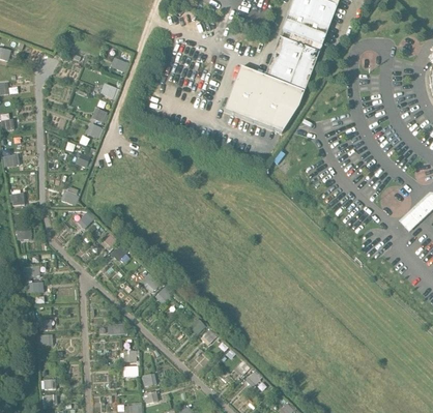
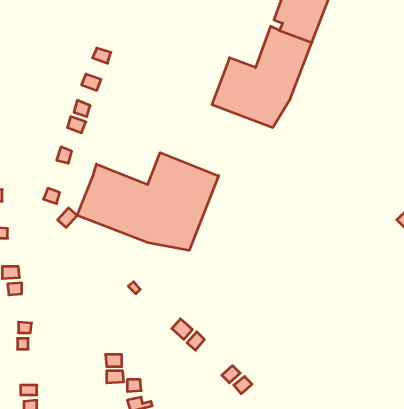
building: none -> [77,153,219,250]

